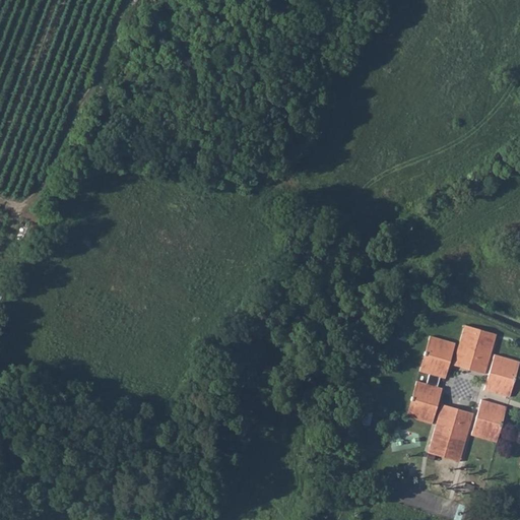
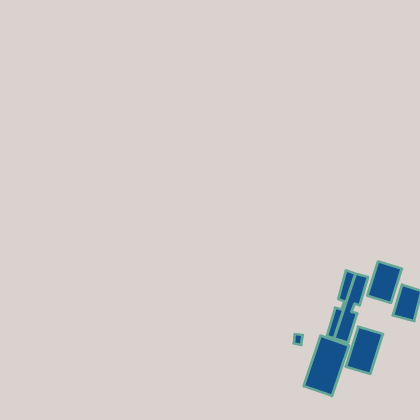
building: [471,401,508,443] -> none
building: none -> [304,336,349,396]

